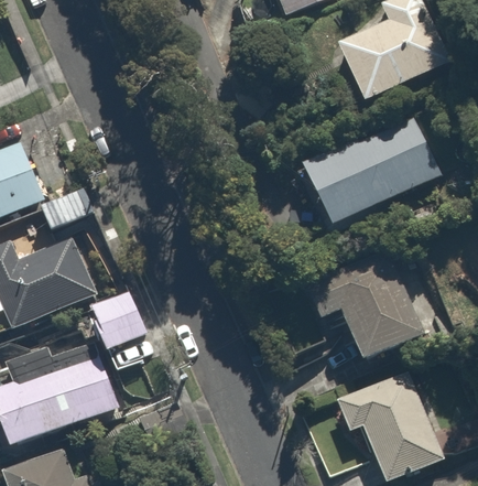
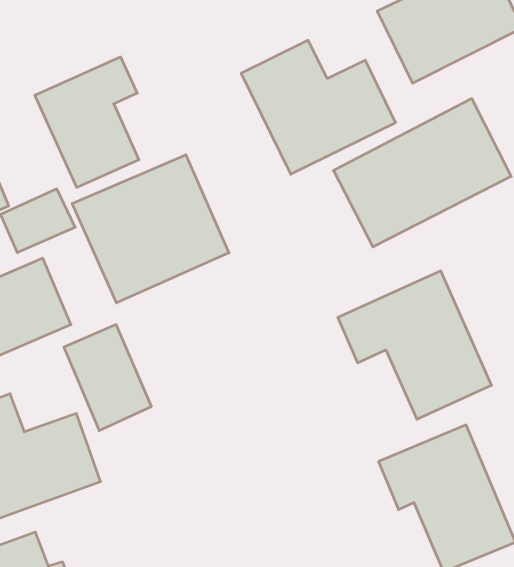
building: none -> [241,40,395,174]
building: none -> [35,57,139,187]
building: none -> [72,155,229,303]

